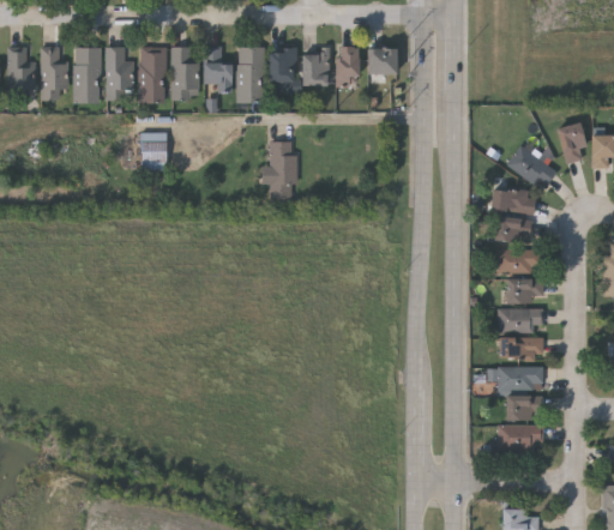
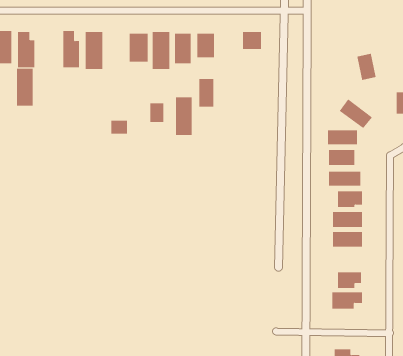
building: [335,44,357,86] -> [199,78,214,107]
building: [74,47,100,102] -> [16,68,33,106]
building: [171,47,197,98] -> none
building: [556,122,585,162] -> [357,53,377,80]
building: [140,141,165,162] -> [111,120,128,134]
building: none -> [150,102,164,123]
building: [496,367,537,389] -> none

